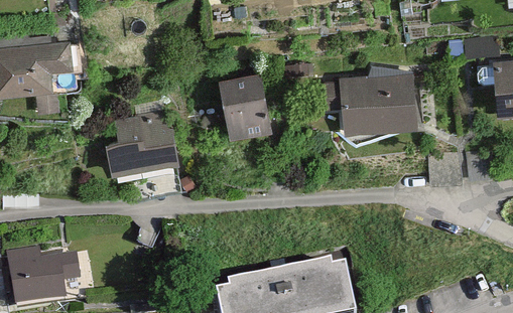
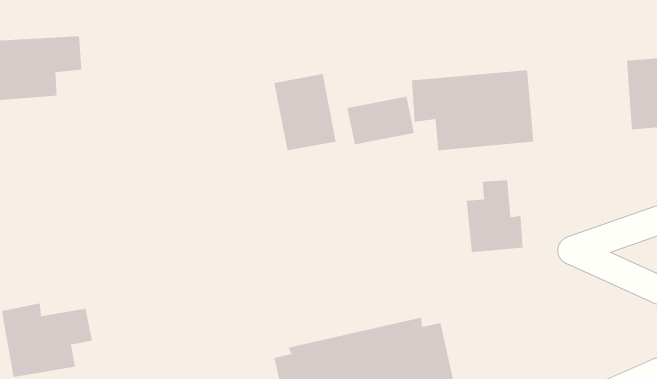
building: none -> [347,96,415,145]
building: [109,110,175,170] -> none
building: none -> [466,179,523,253]

